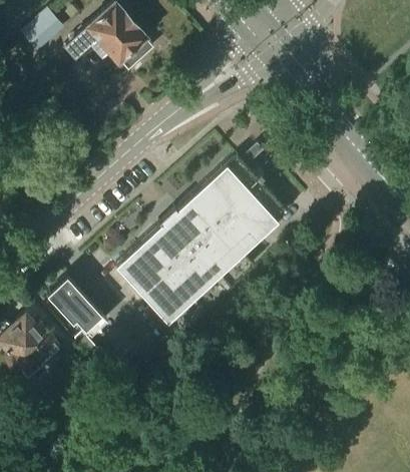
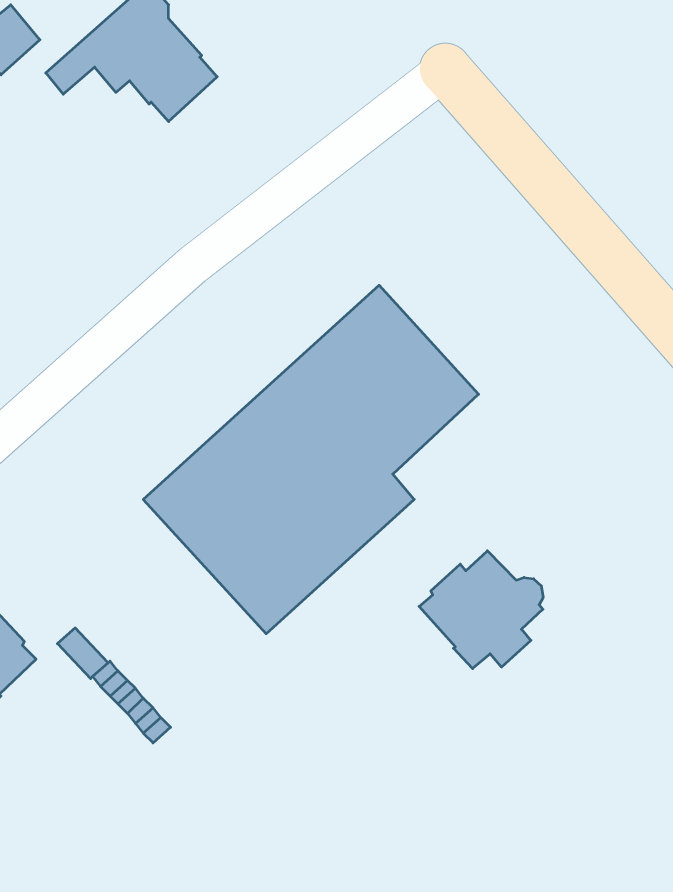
building: [50,279,101,332] -> none
building: none -> [419,551,543,669]

